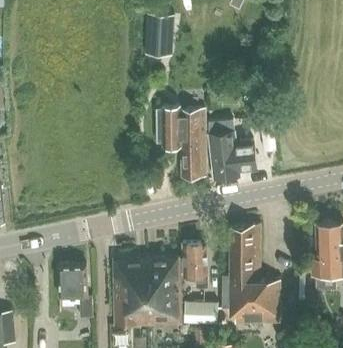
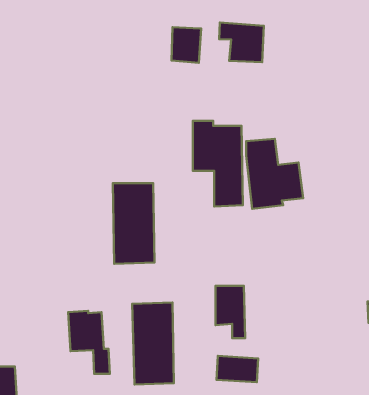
building: none -> [219,22,264,62]
building: [224,226,280,325] -> none
building: [147,259,182,327] -> [113,183,154,264]

